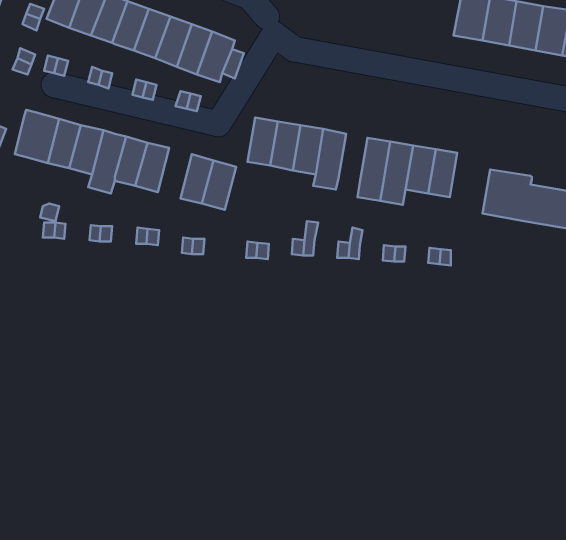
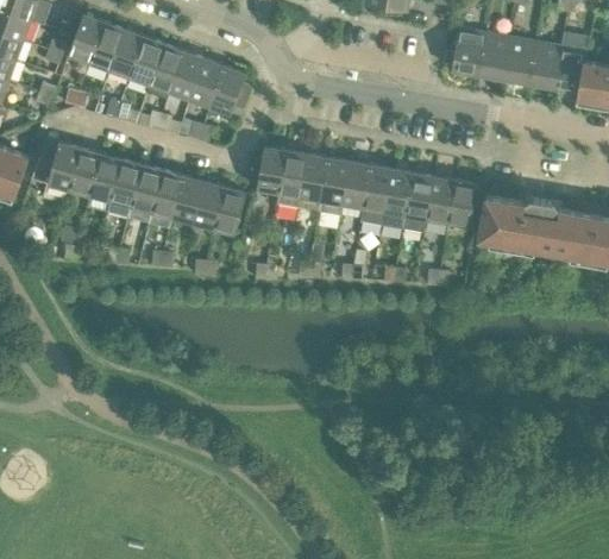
building: none -> [341,163,369,208]
building: none -> [171,176,203,224]
building: none -> [446,181,476,227]

